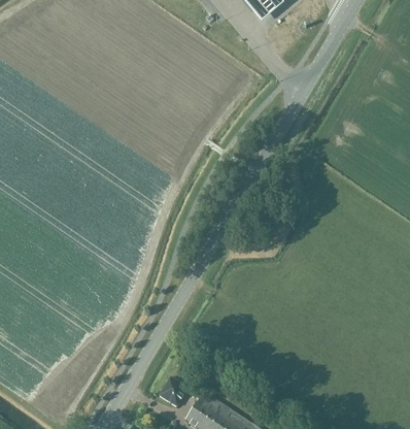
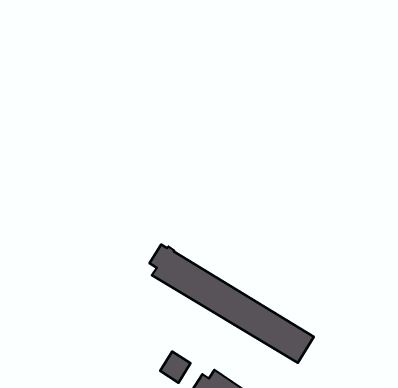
building: none -> [149,244,314,363]

